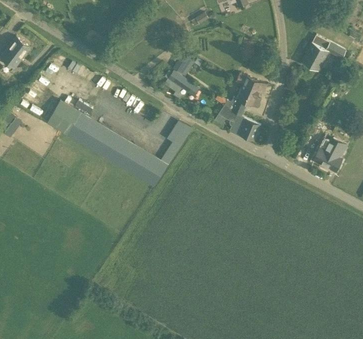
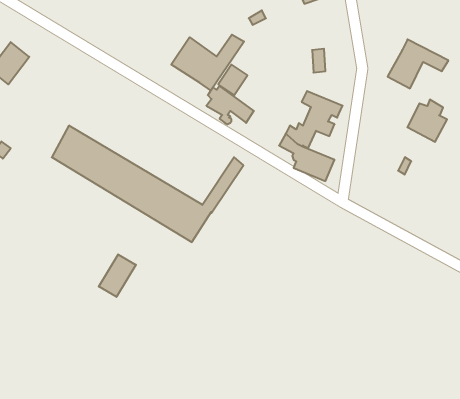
building: none -> [171,35,244,91]
building: [314,140,344,172] -> [407,100,447,142]
building: none -> [99,254,136,297]

